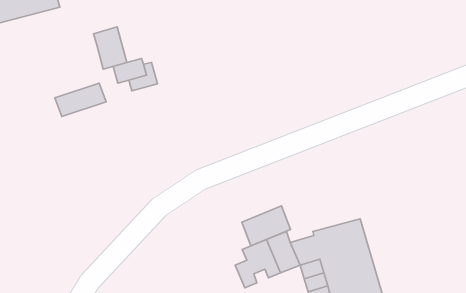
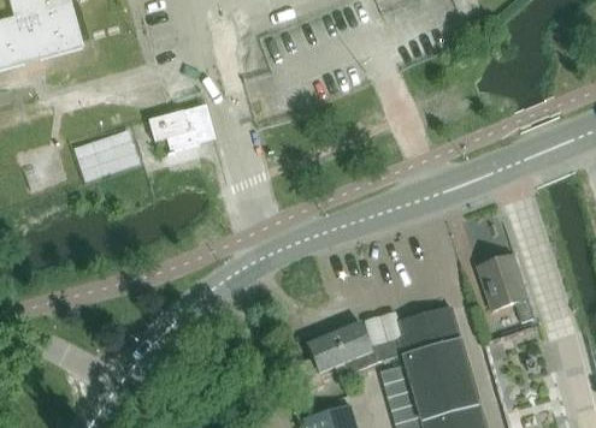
building: [93,27,127,69] -> none
building: none -> [477,252,535,320]
building: [242,206,290,246] -> none

